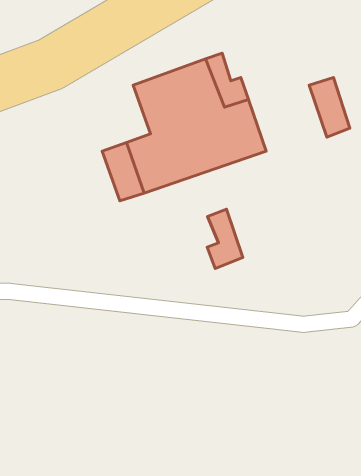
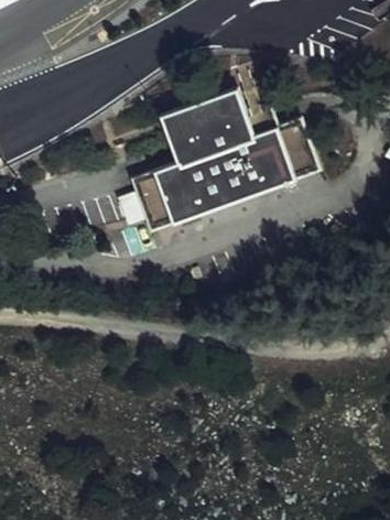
building: [309,78,350,137] -> [259,127,300,186]
building: [207,209,243,269] -> none

